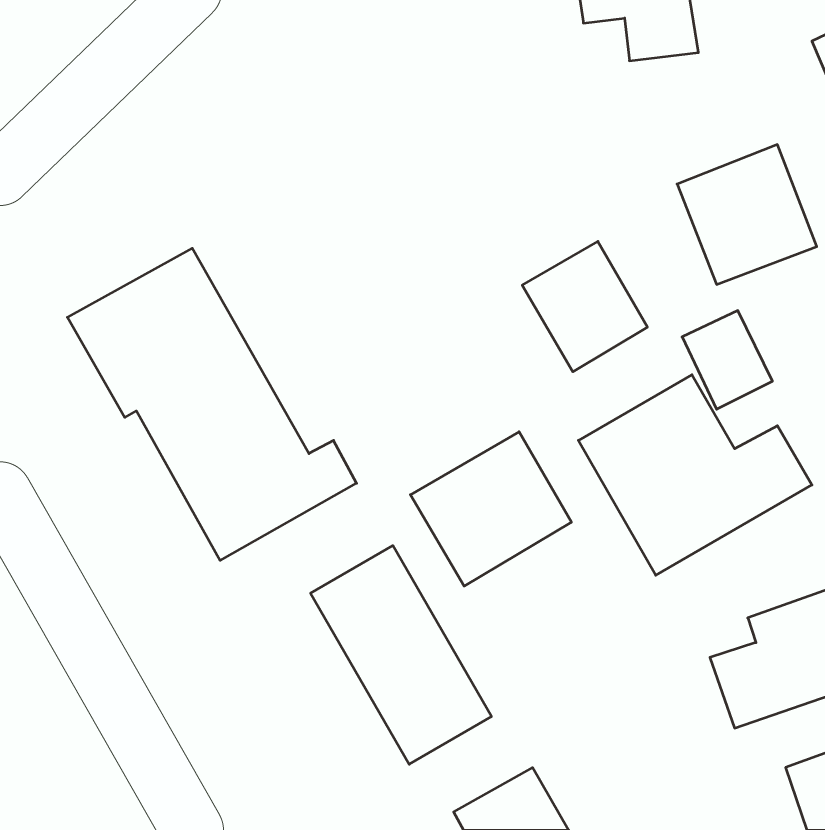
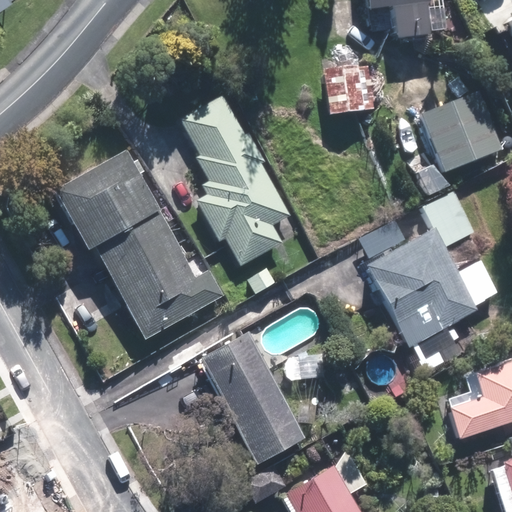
building: none -> [323,62,376,116]
building: none -> [180,94,294,266]
building: [522,241,647,372] -> none
building: [410,432,571,586] -> none

